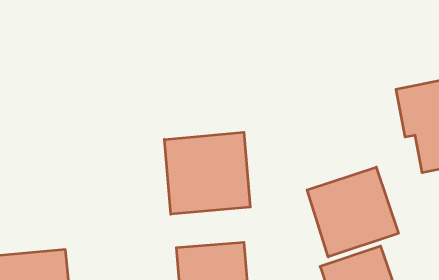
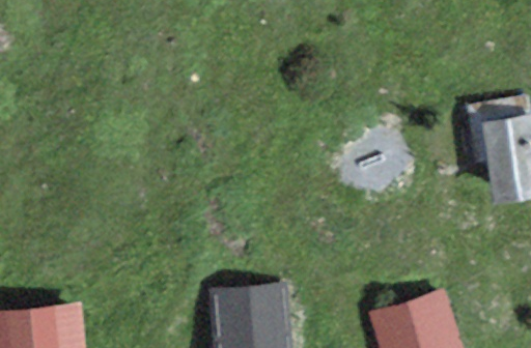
building: [164,132,250,214] -> none
building: [307,167,398,257] -> none

